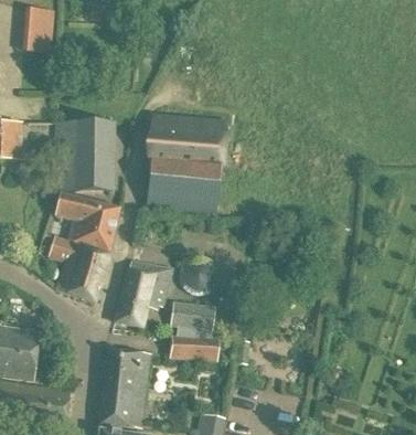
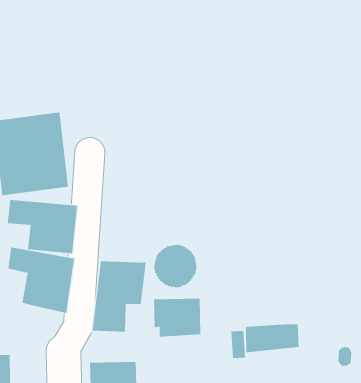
building: [146,114,227,213] -> none
building: [169,336,220,361] -> [245,324,300,353]

